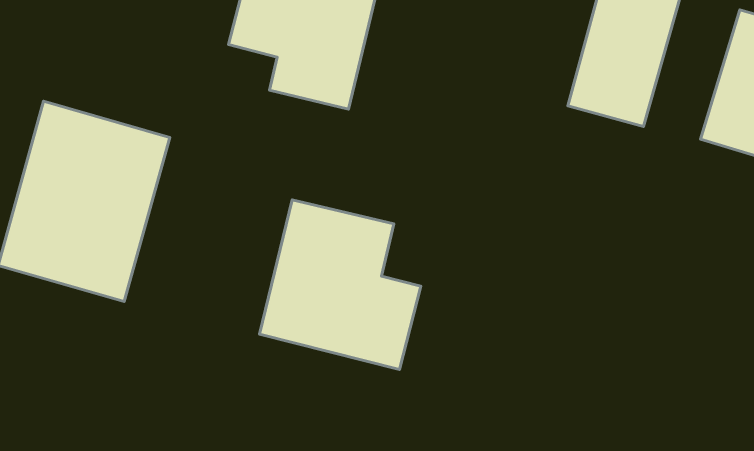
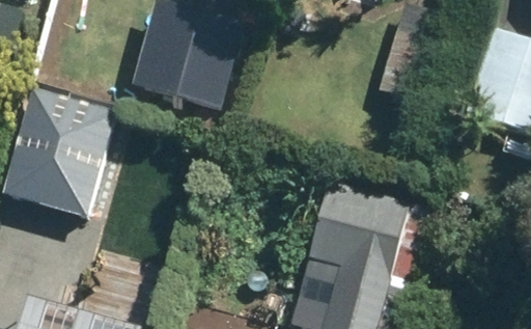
building: [260,200,421,369] -> none
building: none -> [305,185,410,285]

